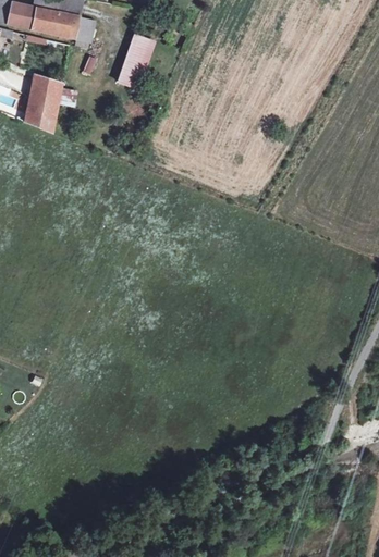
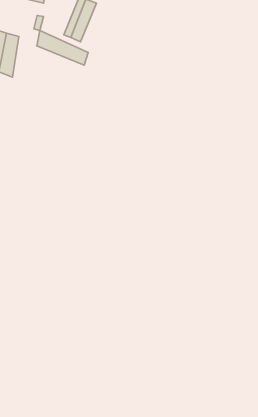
building: none -> [37,30,88,65]

